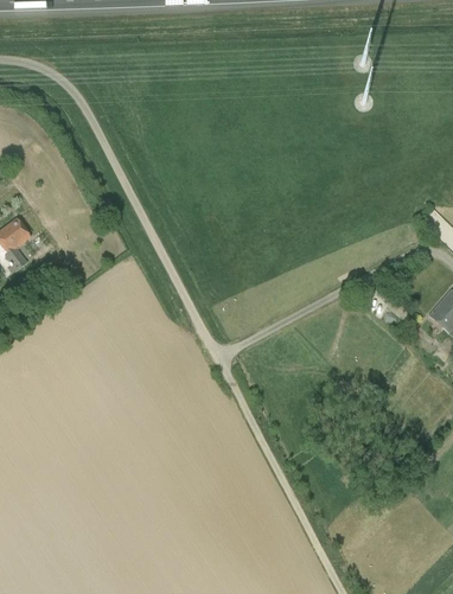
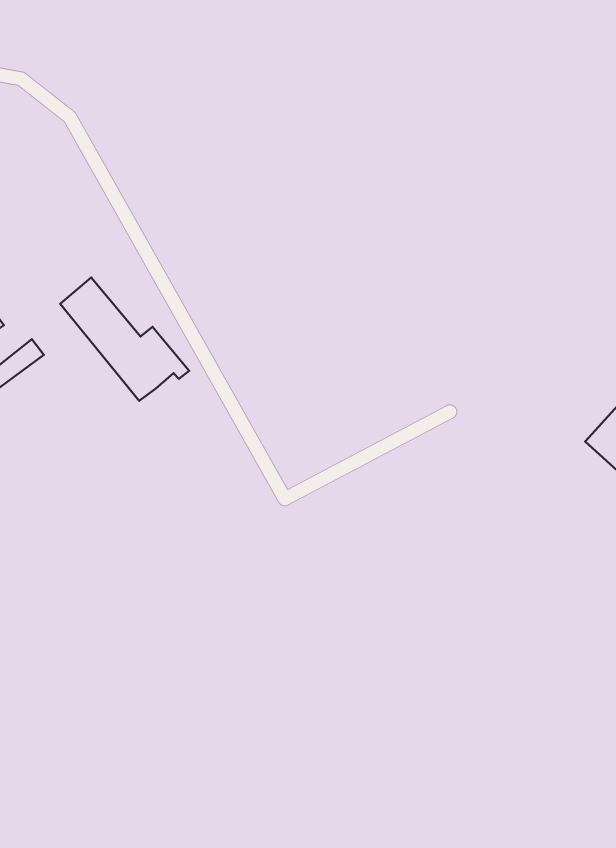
building: none -> [60,277,189,401]

